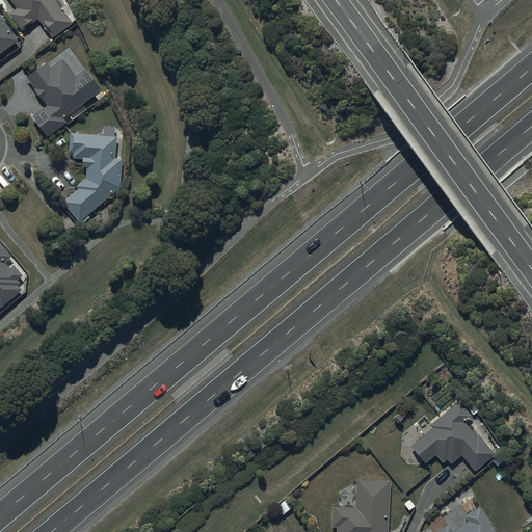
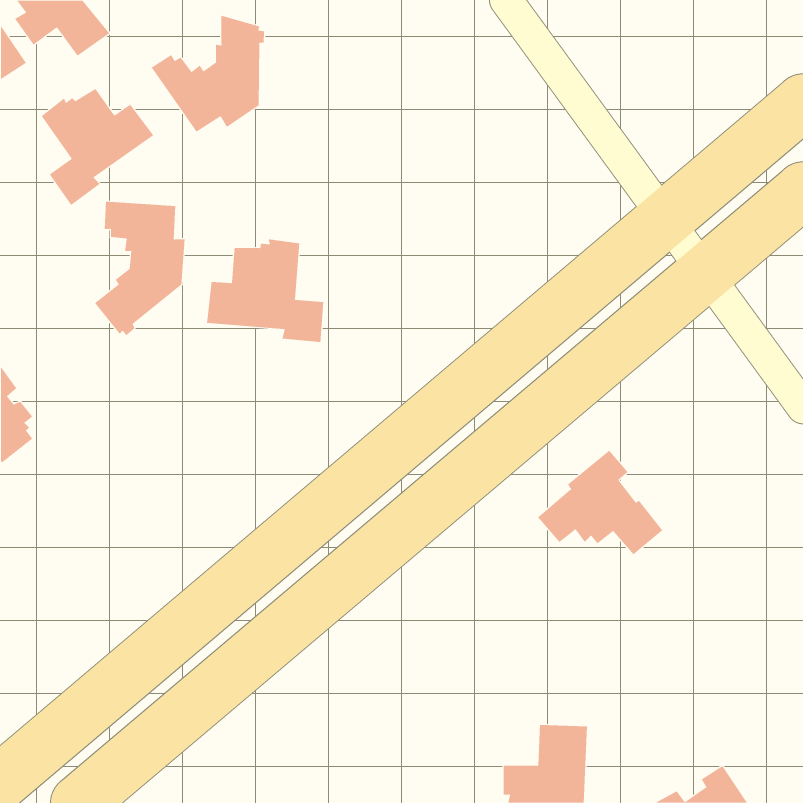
building: none -> [151,15,264,132]
building: none -> [207,239,324,343]
building: [410,401,494,471] -> [537,450,663,555]

